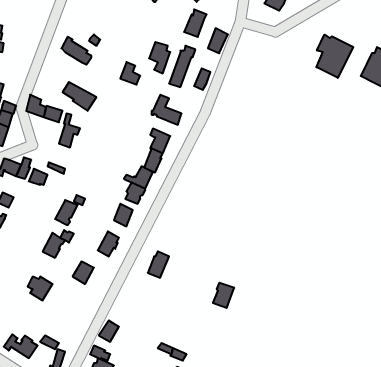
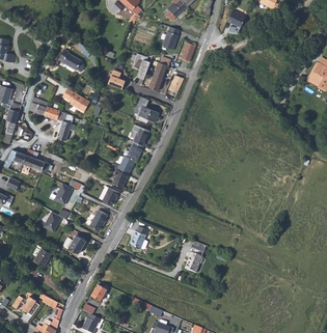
building: [316,35,353,78] -> none

